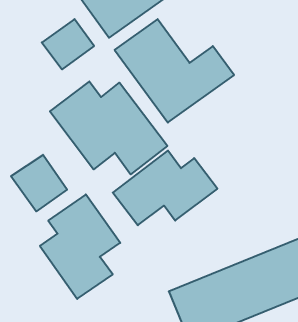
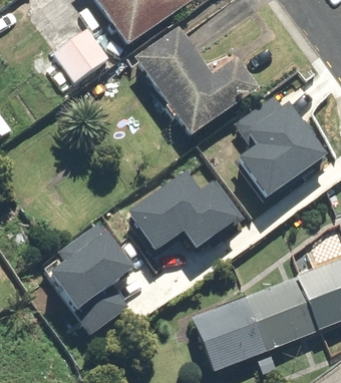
building: none -> [237,84,324,188]
building: [50,81,167,174] -> none
building: [11,155,67,211] -> none

